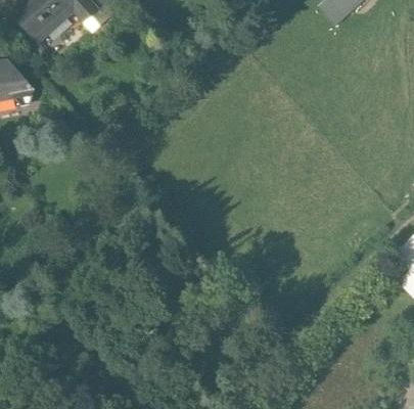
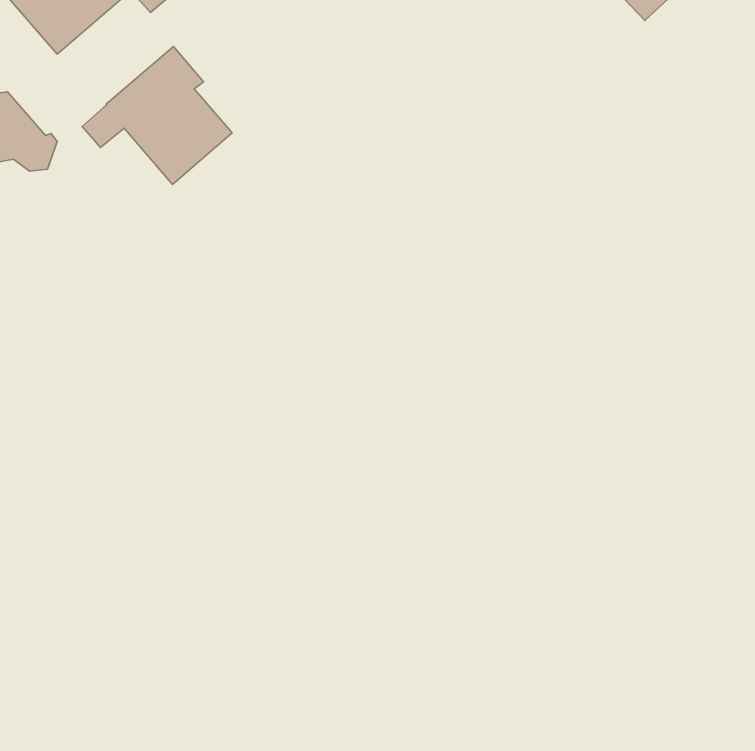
building: none -> [82,47,232,184]

